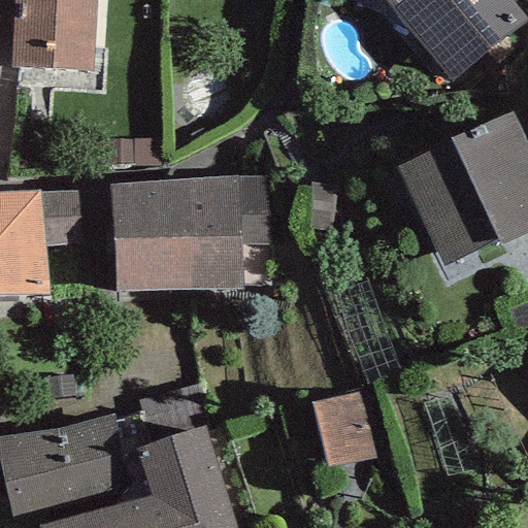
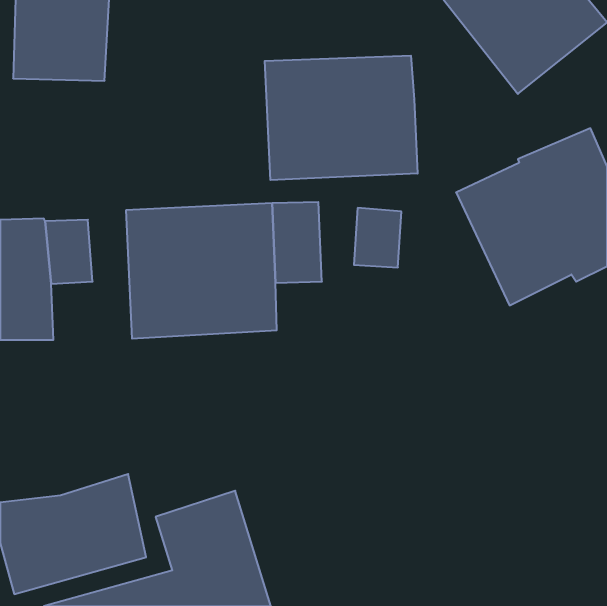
building: none -> [265,56,418,180]
building: [311,390,376,466] -> none

